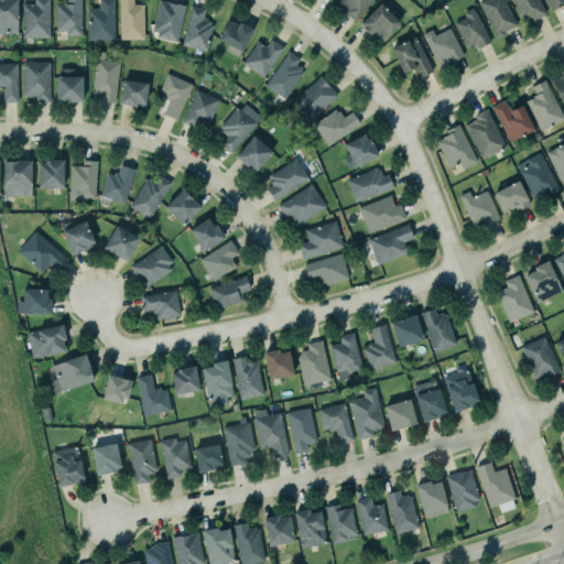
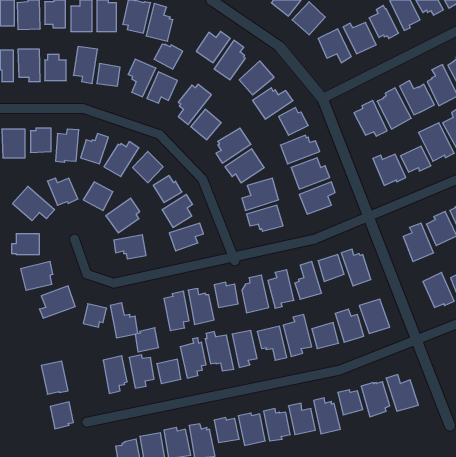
building: [220,21,256,52] -> [154,44,183,69]
building: [173,365,202,394] -> [135,328,159,352]
building: [94,442,122,475] -> [50,402,73,429]

